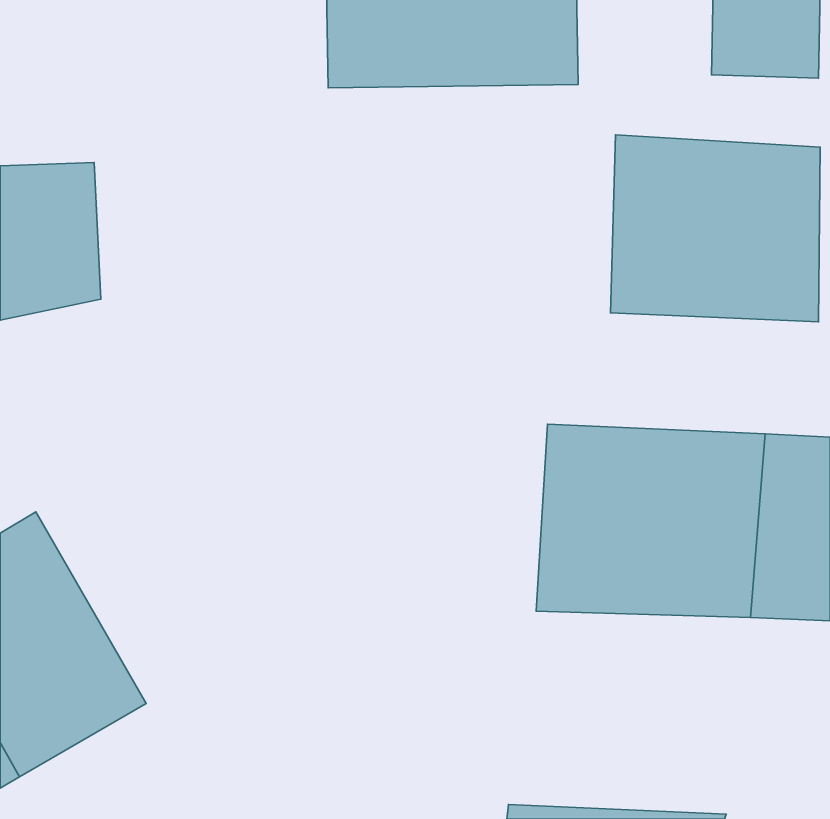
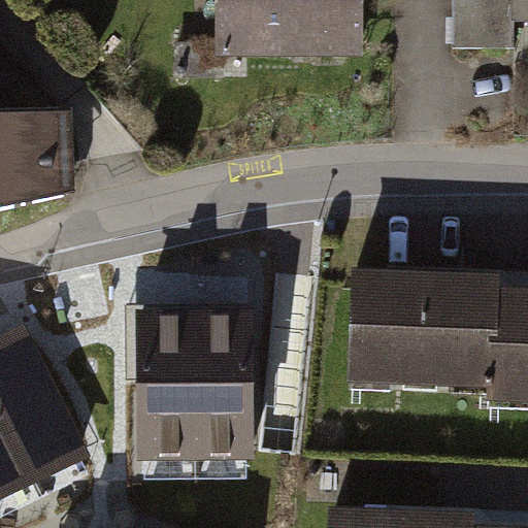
building: [611,135,820,322] -> none
building: none -> [140,303,251,455]

